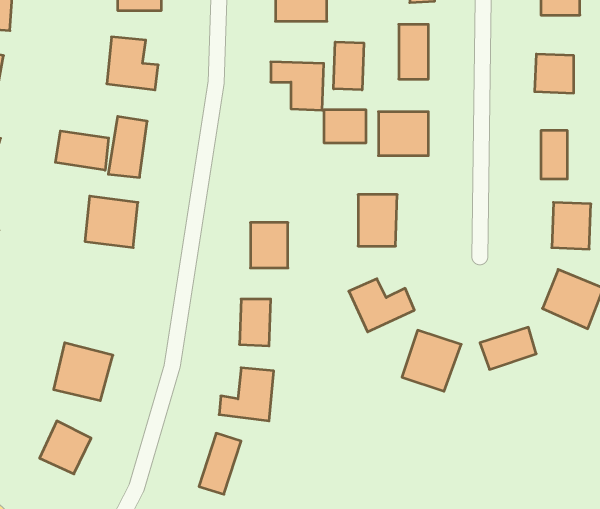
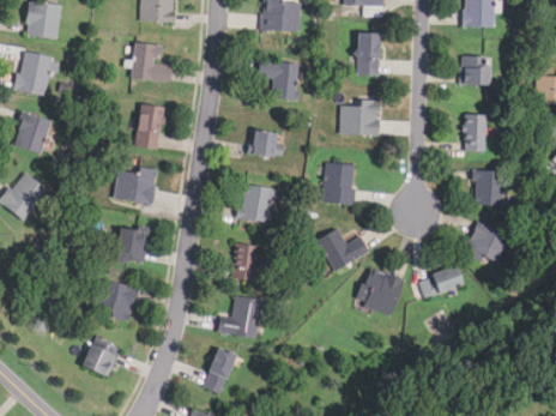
building: [334,42,364,90] -> none
building: [324,110,366,143] -> [252,131,284,156]
building: [55,131,109,170] -> none
building: none -> [115,225,146,261]

